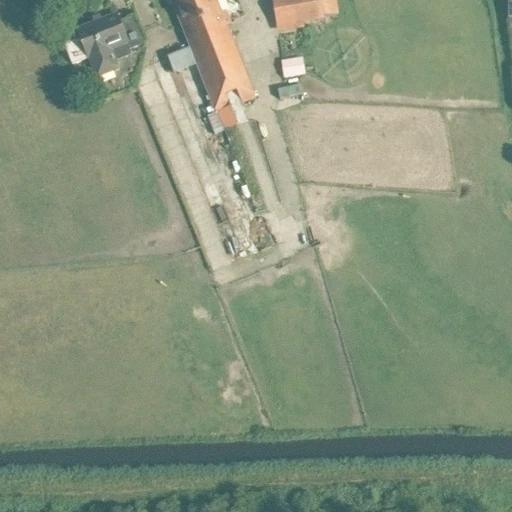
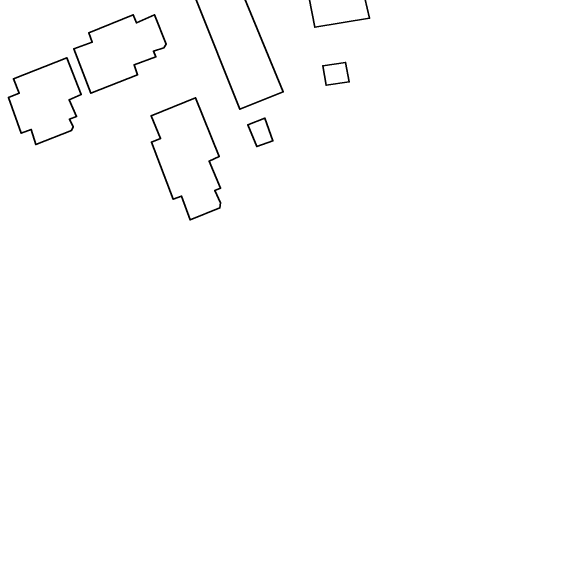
building: none -> [8,58,81,144]
building: none -> [151,98,221,220]

